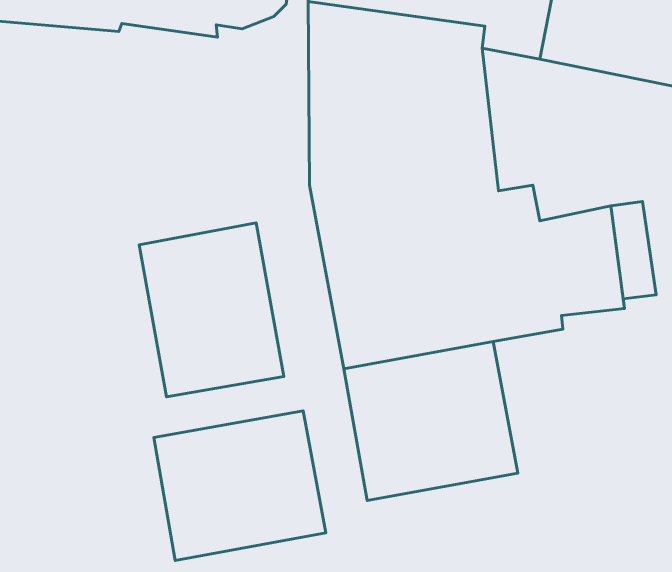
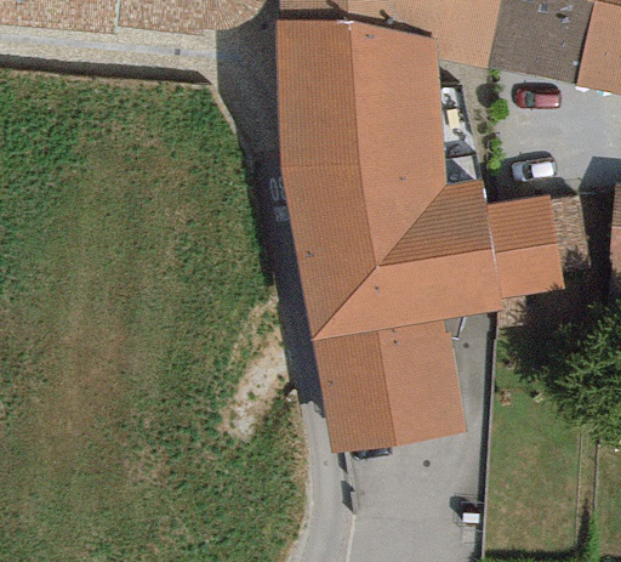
building: [139,223,284,397] -> none
building: [154,411,326,560] -> none

